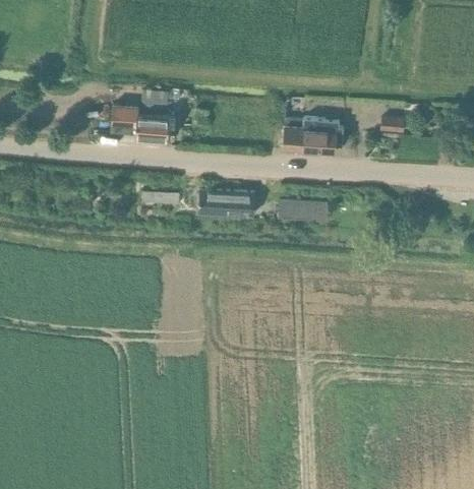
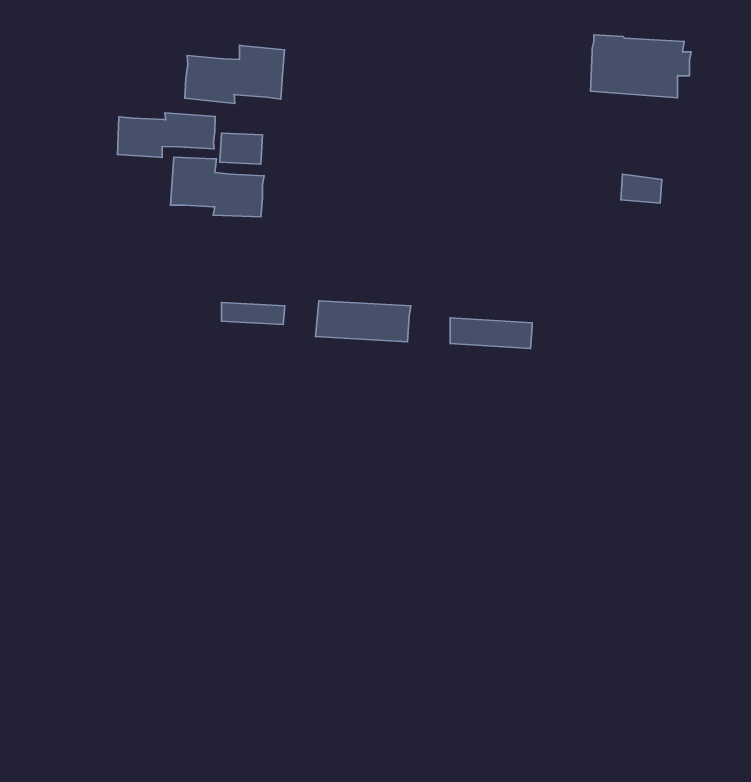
building: none -> [185,45,284,103]
building: none -> [117,113,215,158]
building: [284,117,344,155] -> [590,35,691,98]

